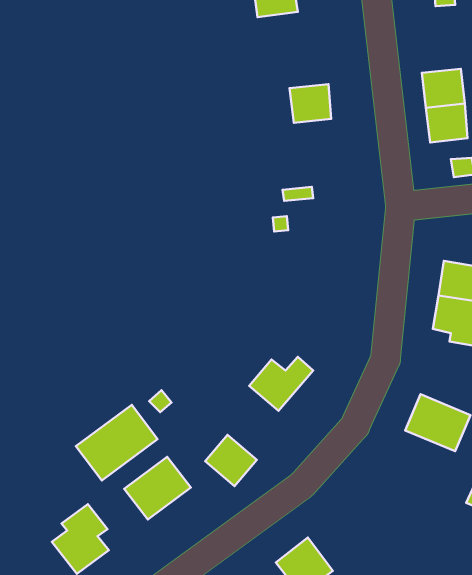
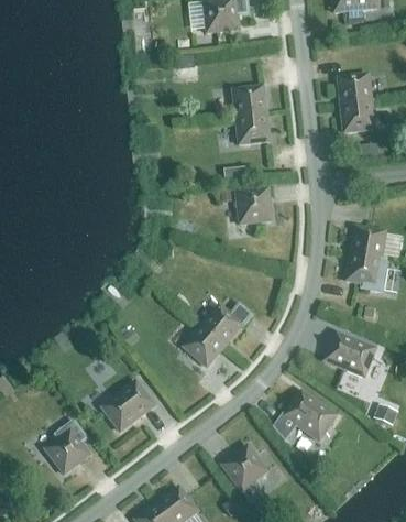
building: none -> [237,115,270,145]
building: none -> [237,189,272,225]
building: [76,405,158,481] -> none
building: [205,435,257,486] -> [184,326,224,367]
building: none -> [273,392,337,443]

